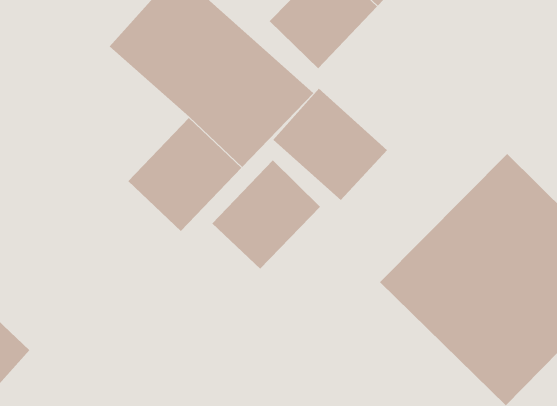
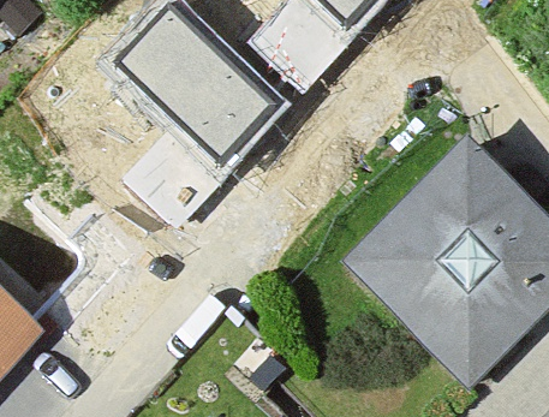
building: [272,88,388,201] -> none
building: [212,159,321,269] -> none

